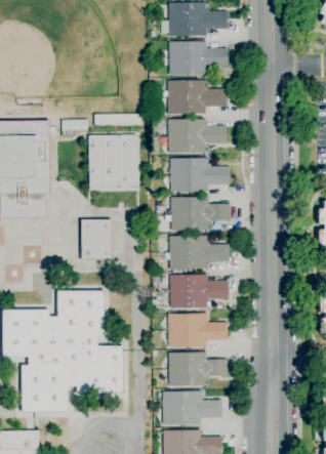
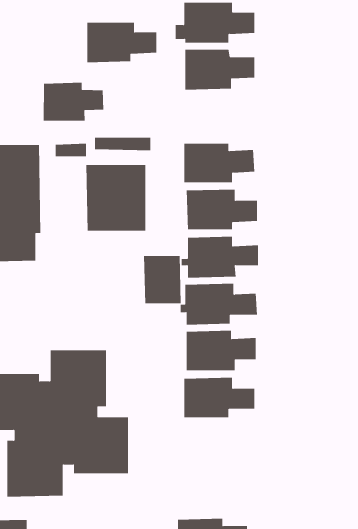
building: none -> [43,82,104,122]
building: [168,80,227,114] -> [86,22,157,63]
building: [81,219,113,259] -> [143,256,182,304]
building: [168,352,229,385] -> none
building: [162,390,222,424] -> none

